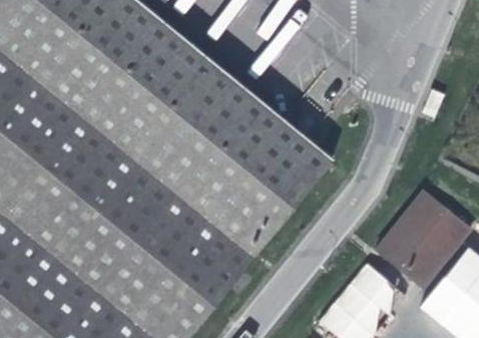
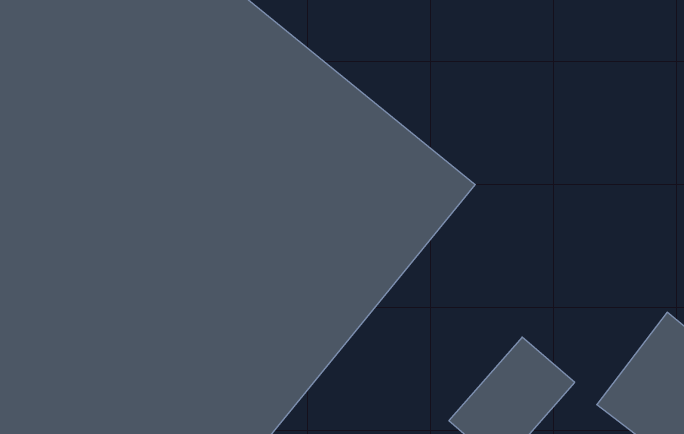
building: [375,193,469,291] -> none

